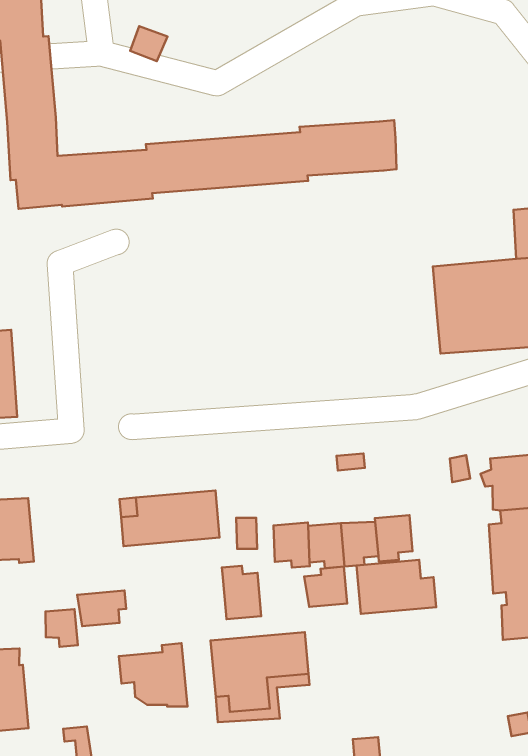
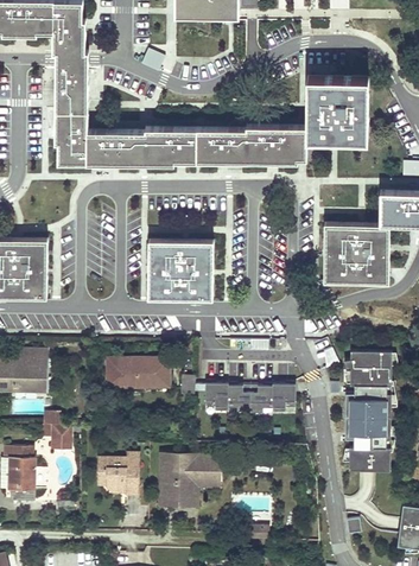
building: none -> [307,78,368,139]
building: none -> [148,241,212,299]
building: [357,560,436,614] -> none
building: [222,566,261,619] -> none
building: [304,567,347,607] -> none
building: [77,590,126,626] -> none

